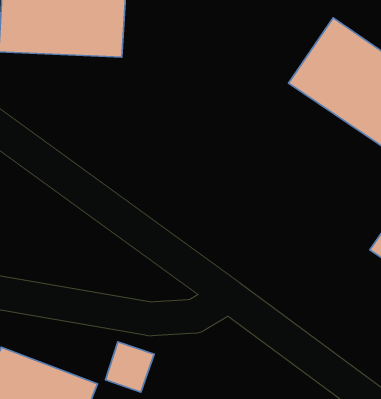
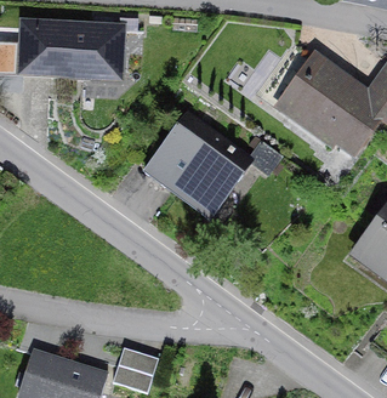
building: none -> [144,113,254,220]

